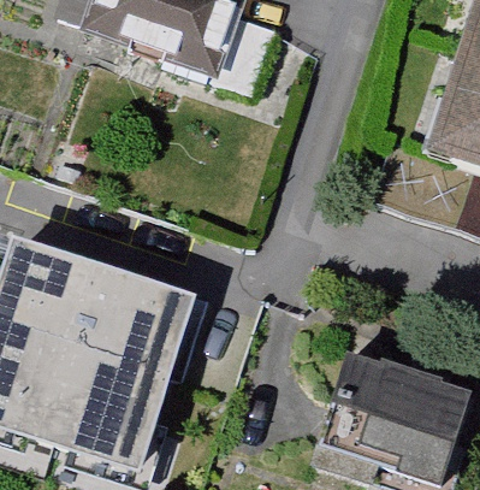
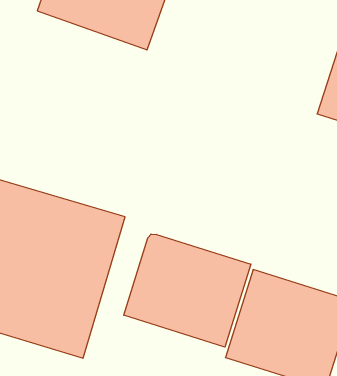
building: none -> [124,234,251,347]

